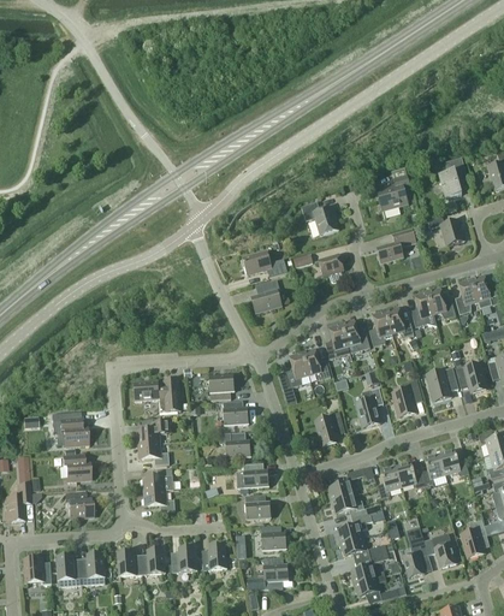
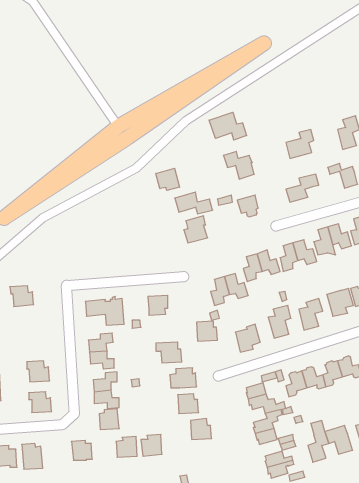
building: none -> [209,112,247,140]
building: none -> [156,168,180,190]
building: [223,401,248,425] -> [197,321,217,341]
building: [59,420,88,445] -> [10,286,34,307]
building: [141,549,165,574] -> [99,409,119,430]
building: [79,553,105,585] -> none
building: [247,557,287,591] -> none

